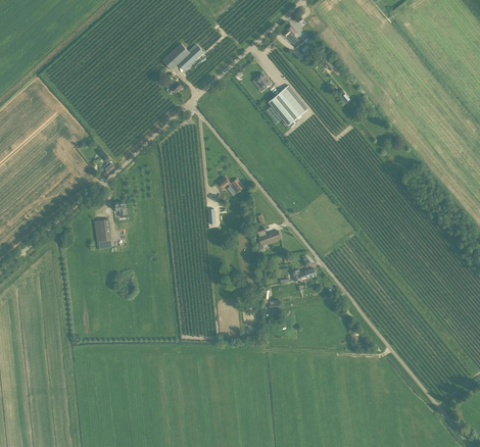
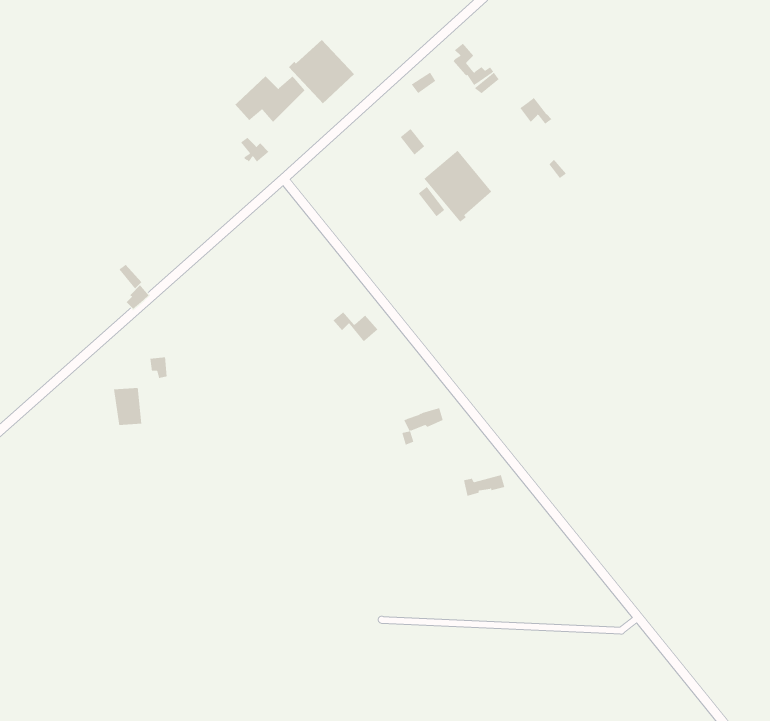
building: none -> [288,39,355,104]

